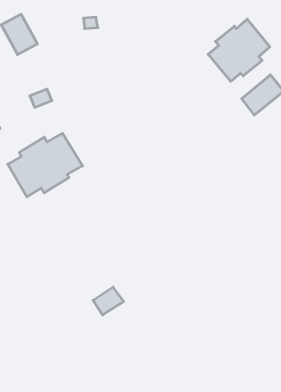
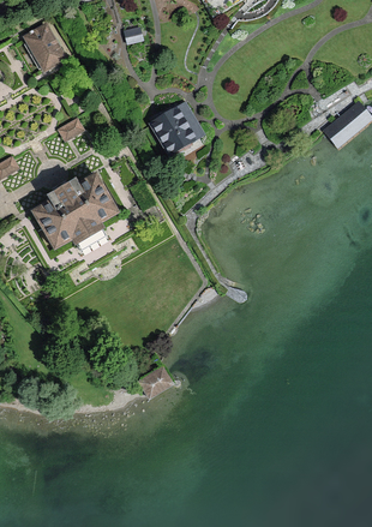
building: [208,19,270,81] -> none
building: none -> [151,108,197,157]

